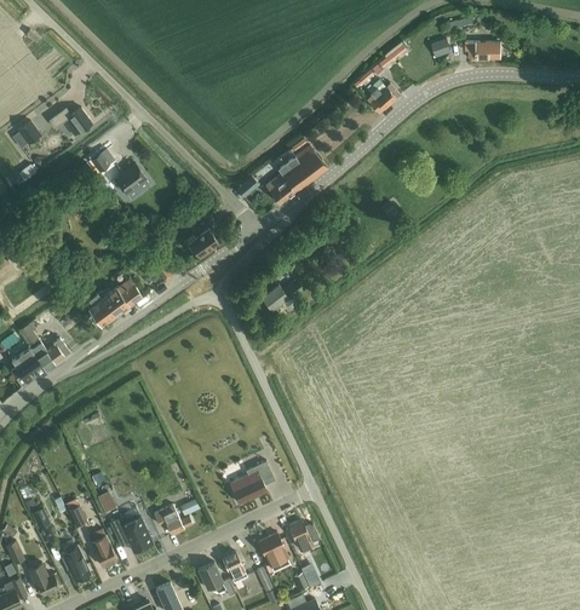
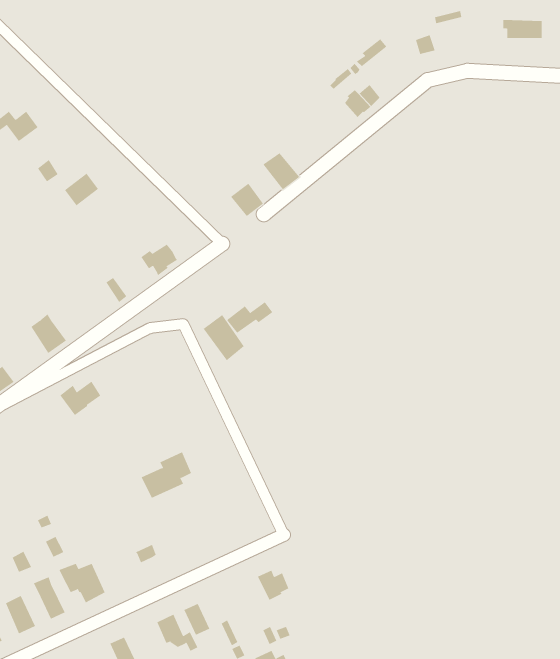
building: [464,41,500,58] -> [502,20,543,38]
building: [277,156,311,191] -> none
building: [103,283,140,315] -> [60,381,101,416]
building: none -> [203,314,244,361]
building: [228,460,274,502] -> [141,452,192,499]
building: [153,503,191,534] -> none
building: [257,533,287,565] -> none

